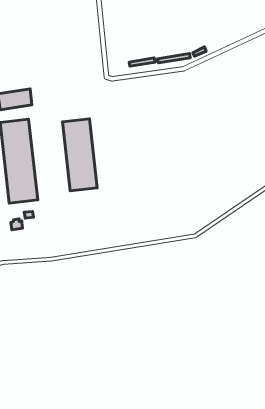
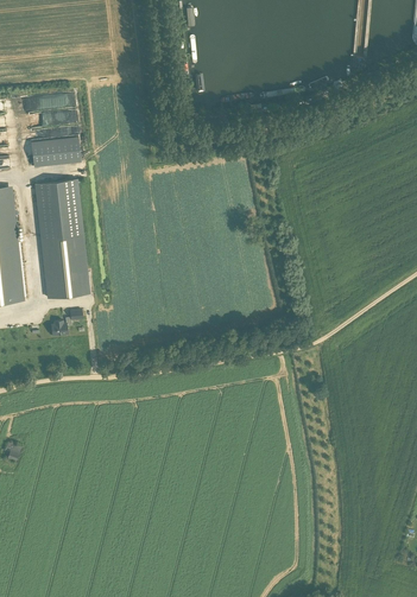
building: [62,119,97,191] -> none

